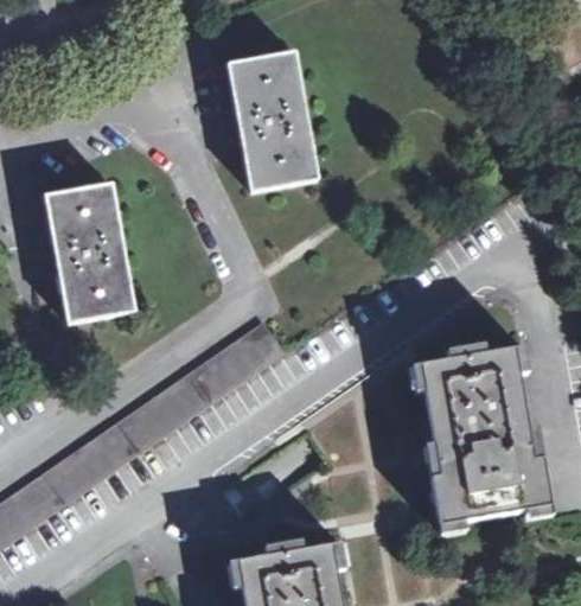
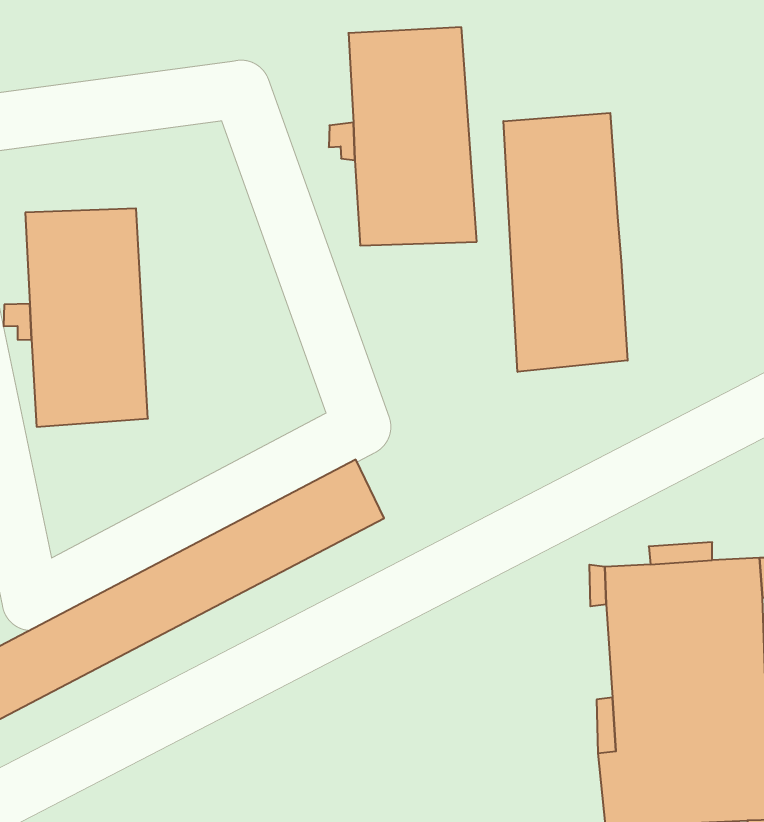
building: none -> [503,113,628,372]

